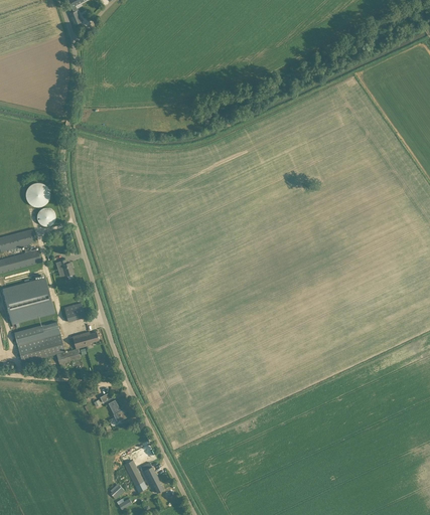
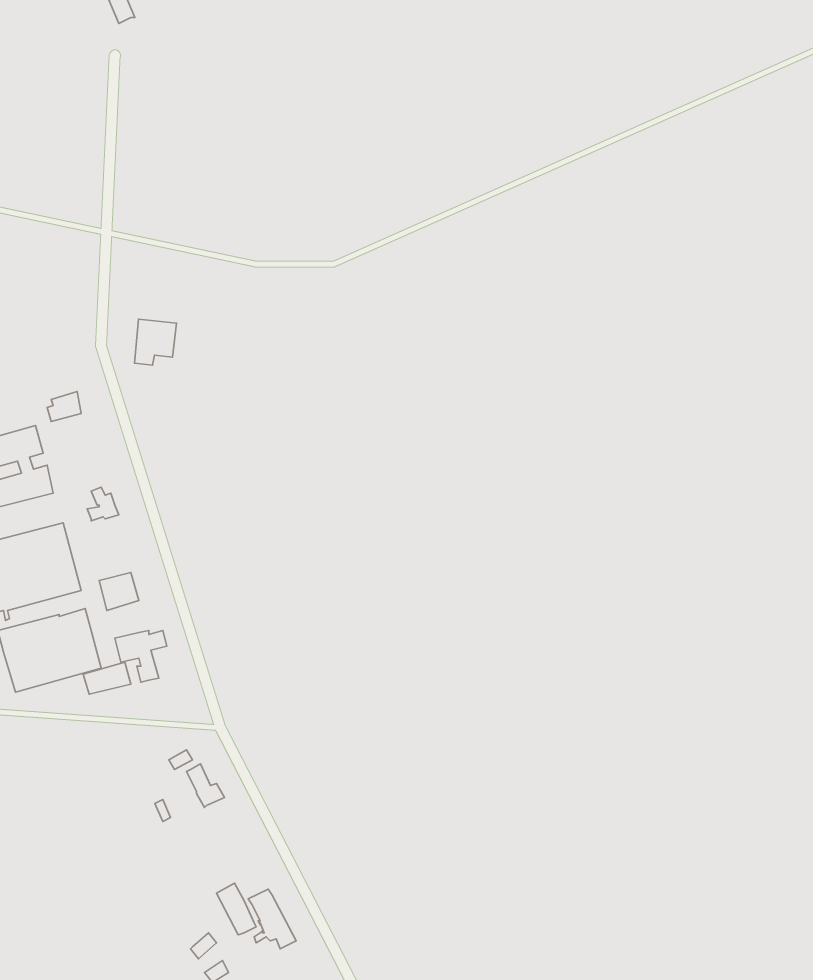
building: [27,182,48,205] -> [135,319,176,365]

